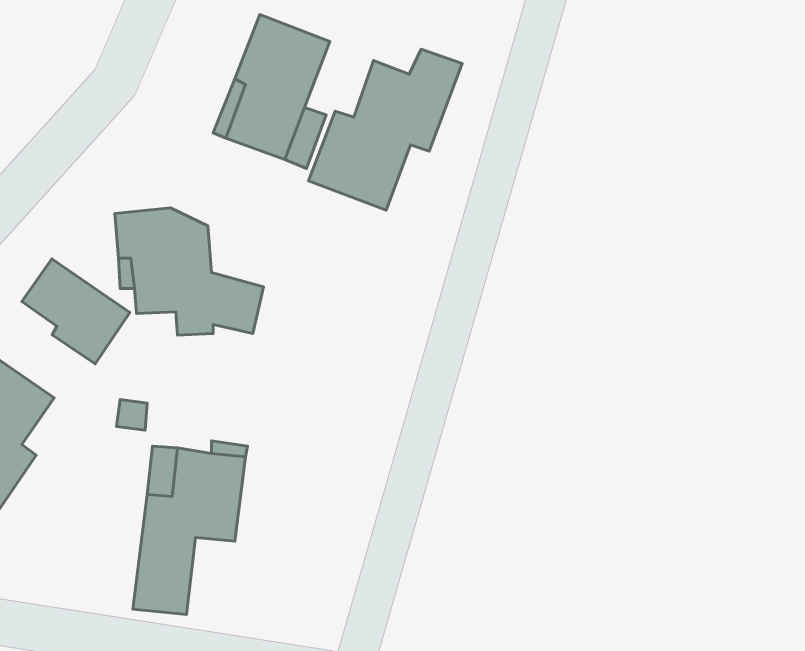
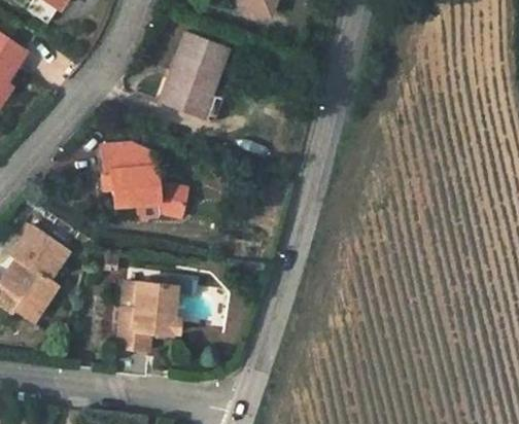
building: [308,49,462,210] -> none
building: [22,259,130,364] -> none

